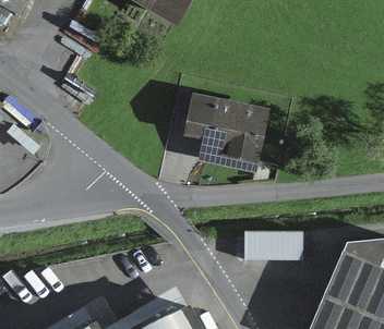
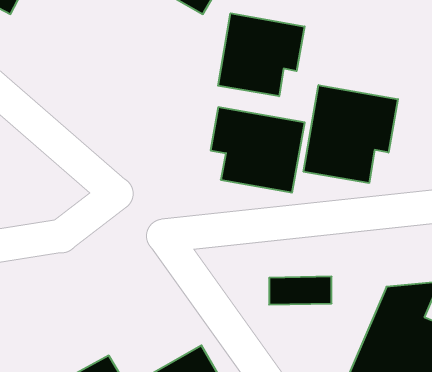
building: none -> [218,13,305,96]
building: none -> [304,85,398,183]

